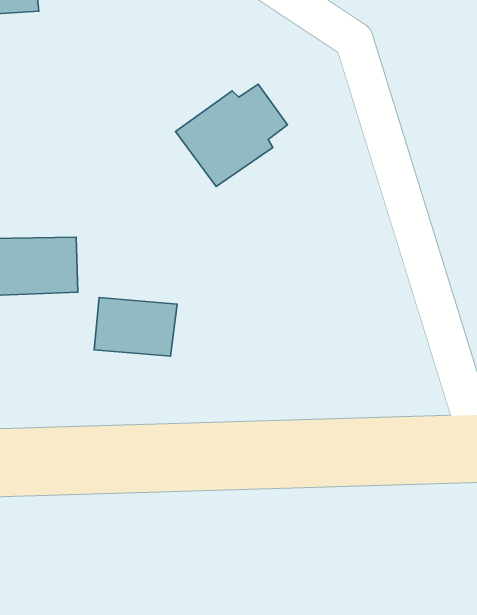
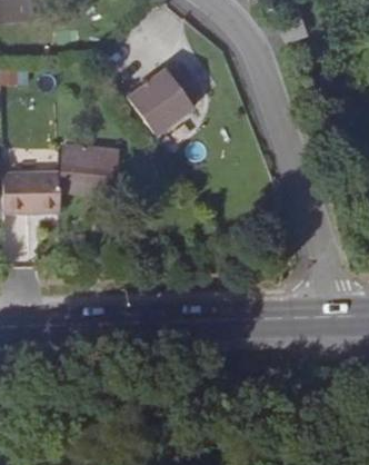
building: [94,298,177,356] -> [61,146,118,186]

